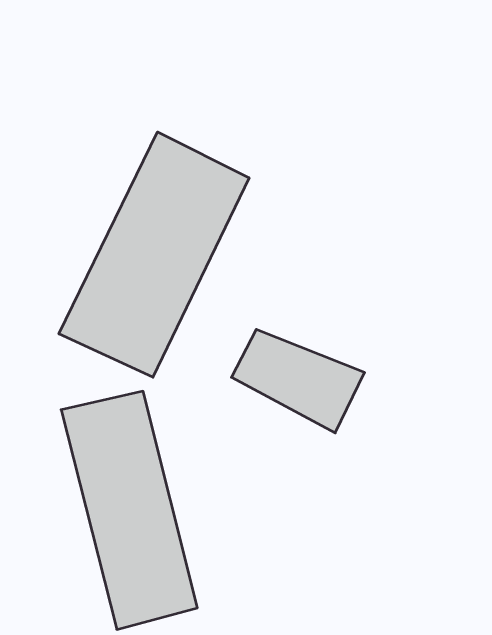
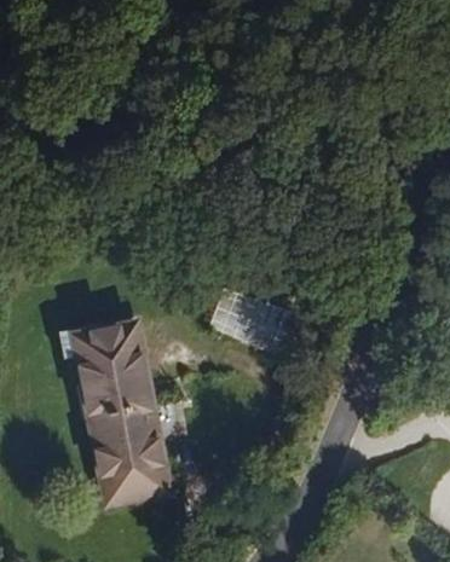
building: [59,132,249,377] -> none

